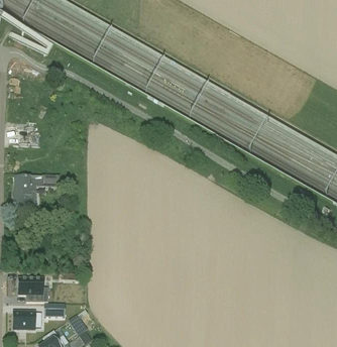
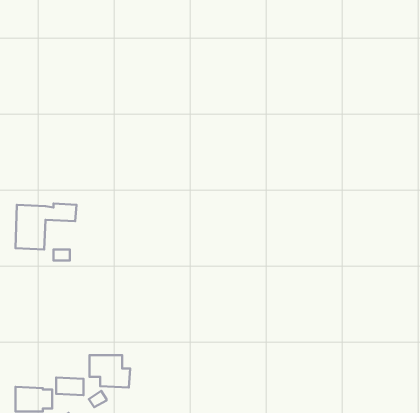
building: [15,277,45,302] -> [89,355,130,388]

